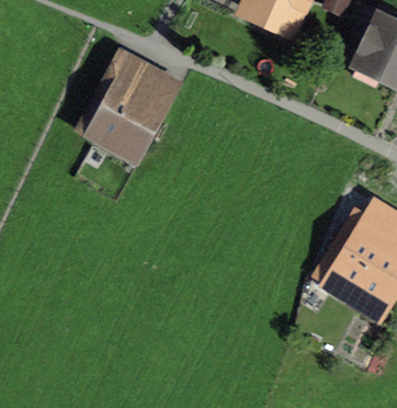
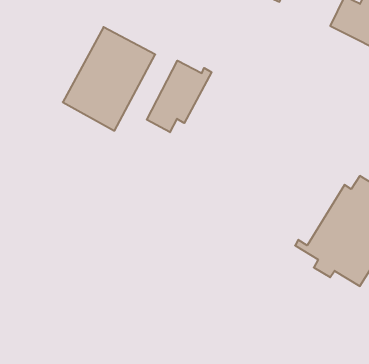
building: none -> [147,61,212,132]

